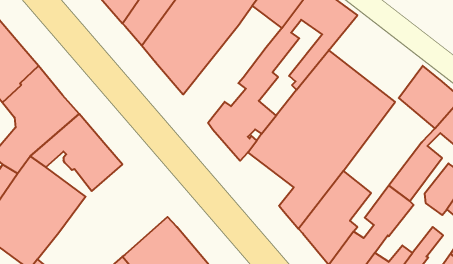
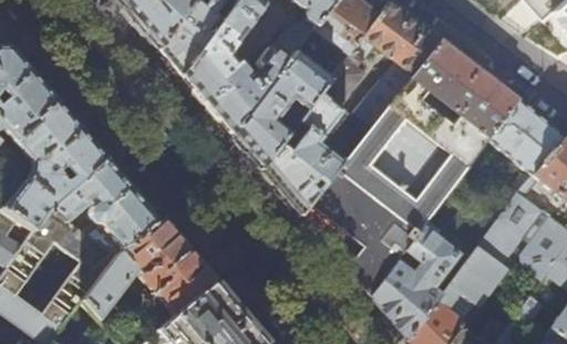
building: none -> [408,40,520,144]
building: none -> [233,52,332,169]
building: none -> [83,219,214,327]

